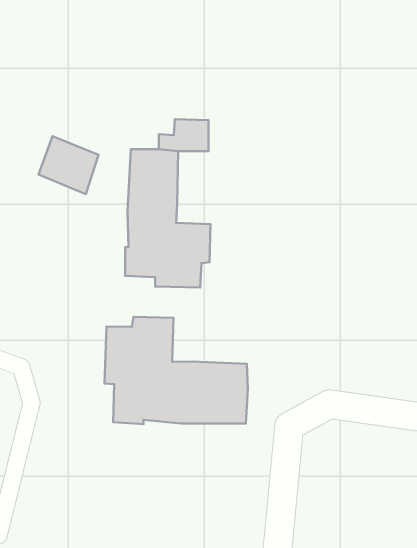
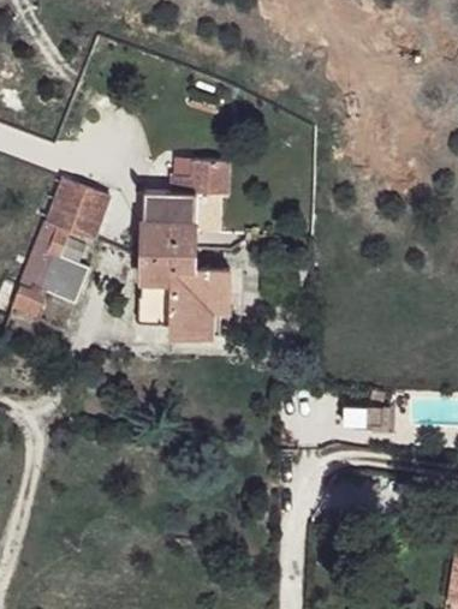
building: none -> [13,219,97,317]
building: [105,317,248,424] -> none

